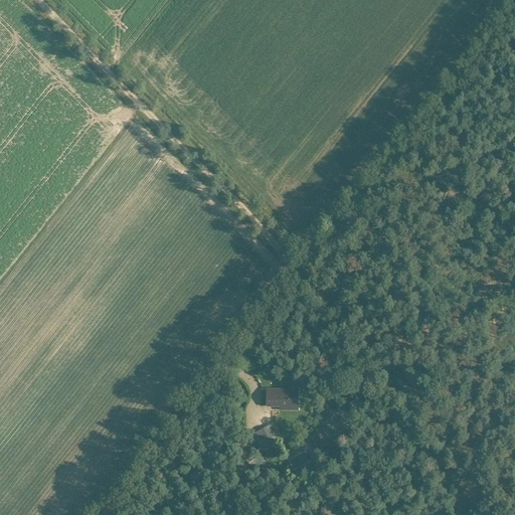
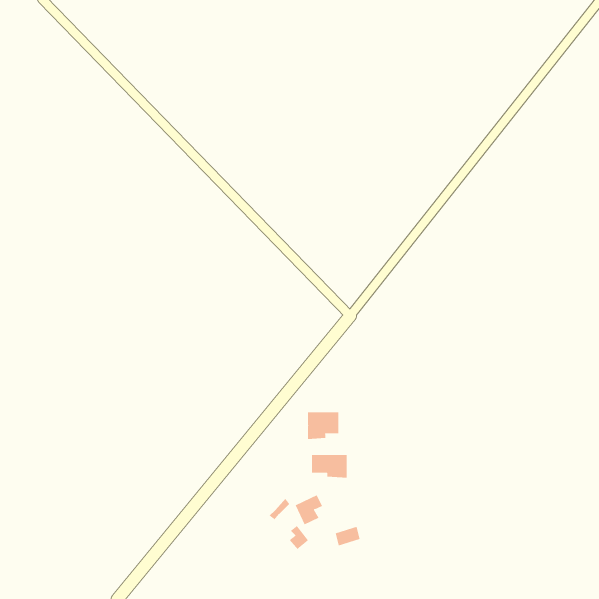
building: none -> [308,412,339,440]

